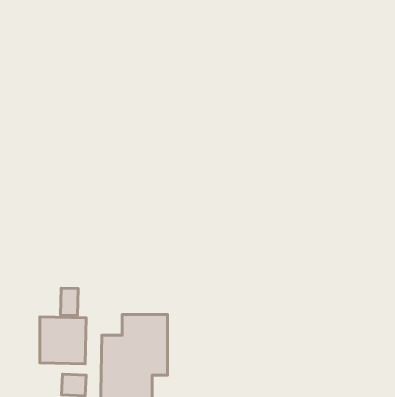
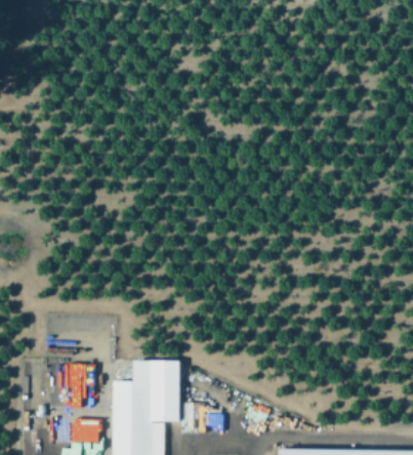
building: [60,288,78,315] -> none

